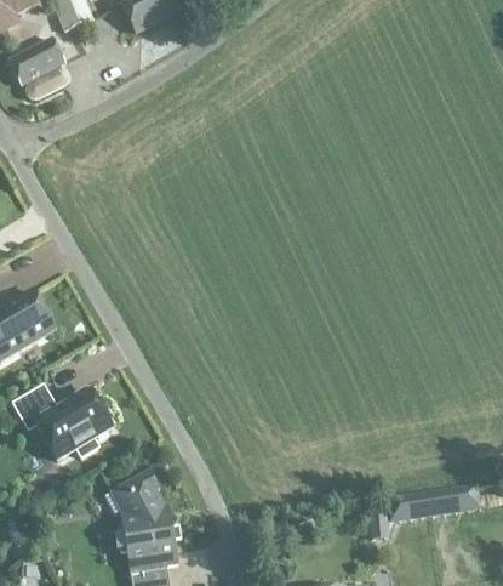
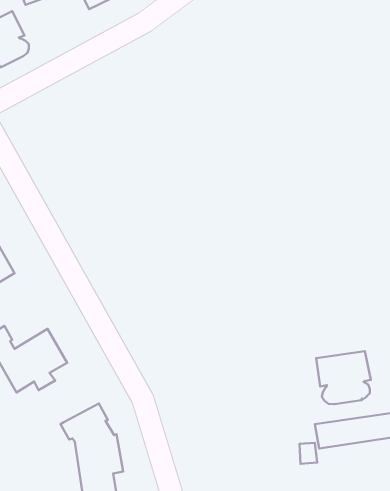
building: none -> [316,351,371,404]

